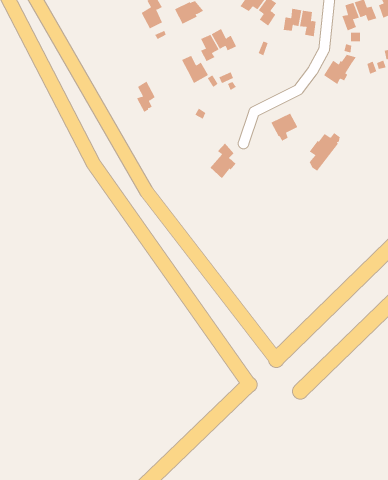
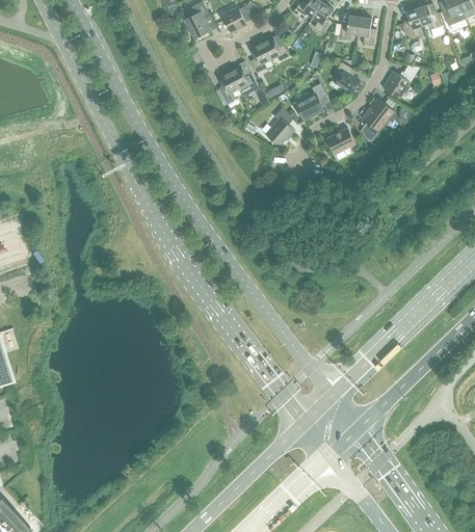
building: none -> [335,60,360,91]
building: none -> [294,82,328,119]
building: [136,81,155,113] -> [217,70,238,104]
building: [309,132,341,172] -> [361,97,395,139]
building: [210,143,237,179] -> [265,106,294,145]

